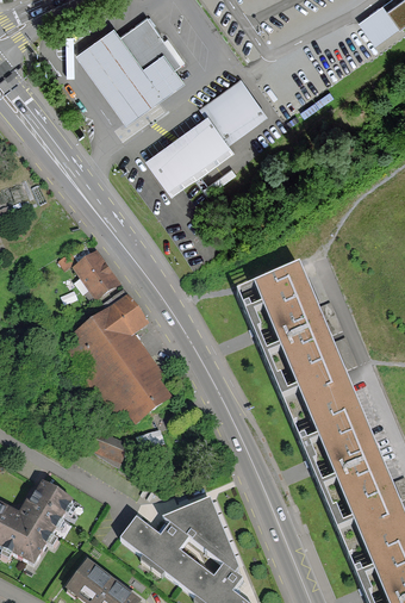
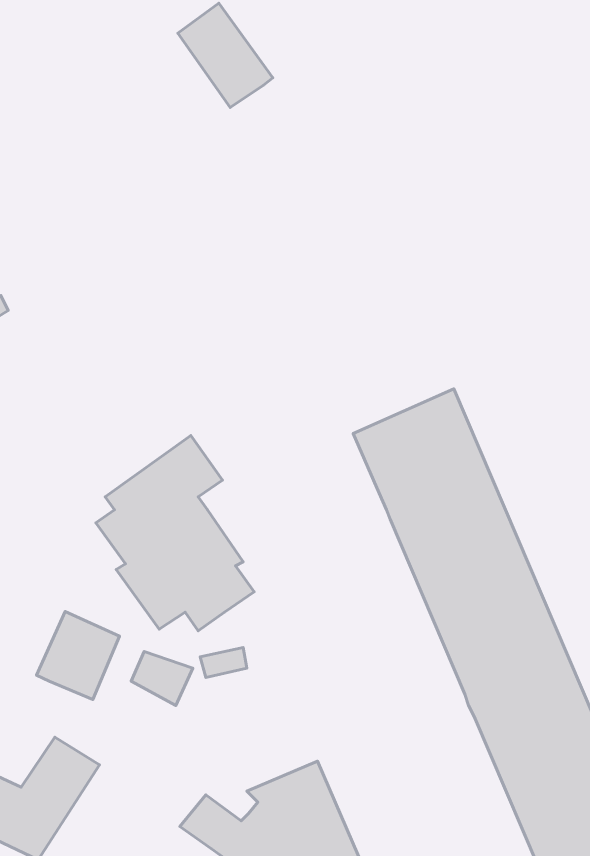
building: [76,26,186,124] -> none
building: [143,75,264,206] -> none
building: [71,248,119,299] -> none
building: none -> [37,612,120,700]

